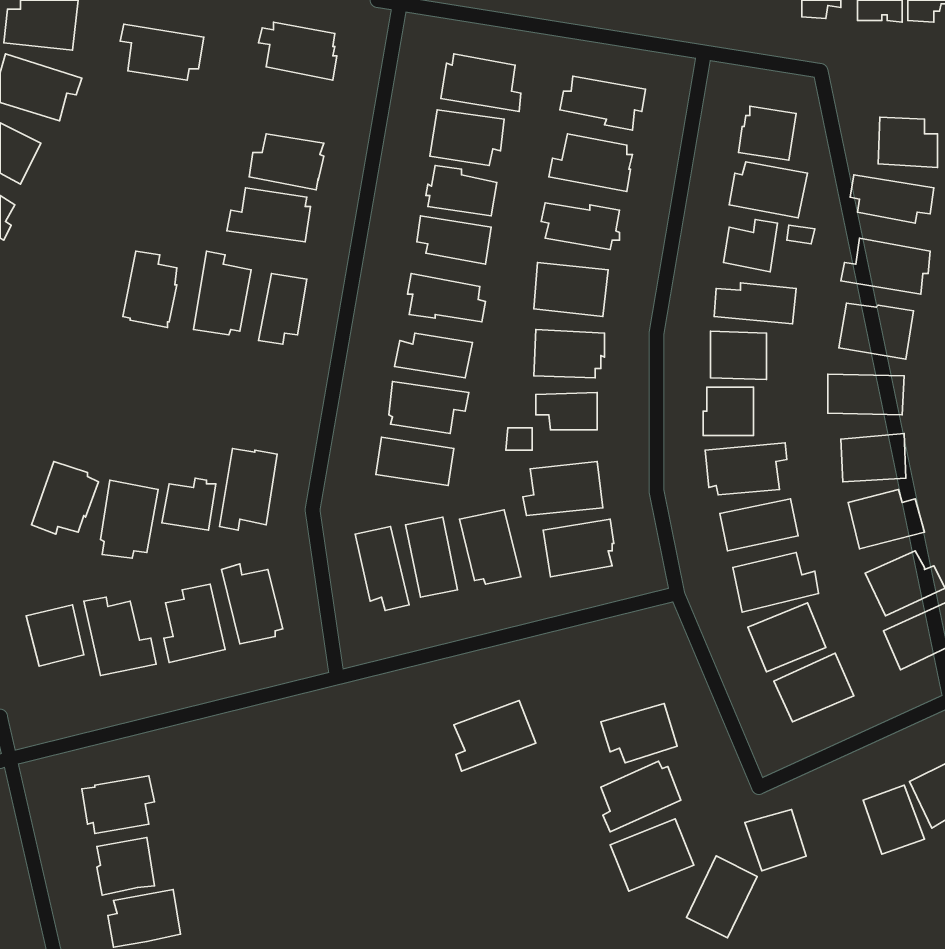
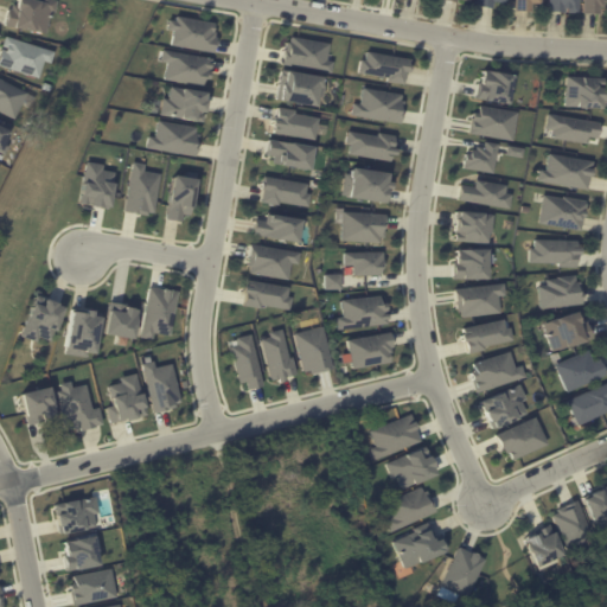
building: [120,24,204,80] -> [162,50,216,85]
building: [454,701,536,771] -> [370,415,422,460]
building: [745,810,806,871] -> [524,528,563,567]

